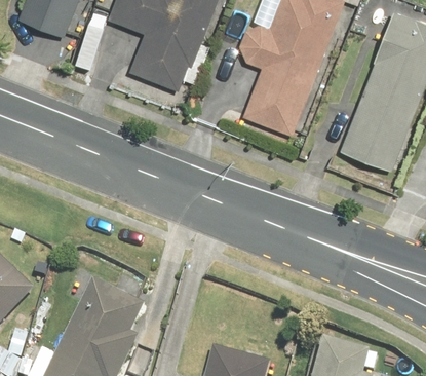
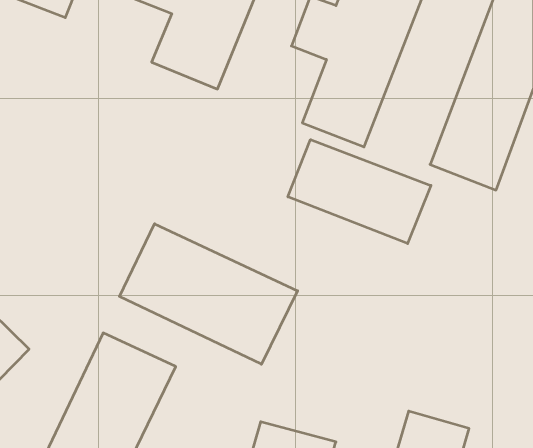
building: none -> [288,140,431,244]
building: none -> [119,224,298,364]

